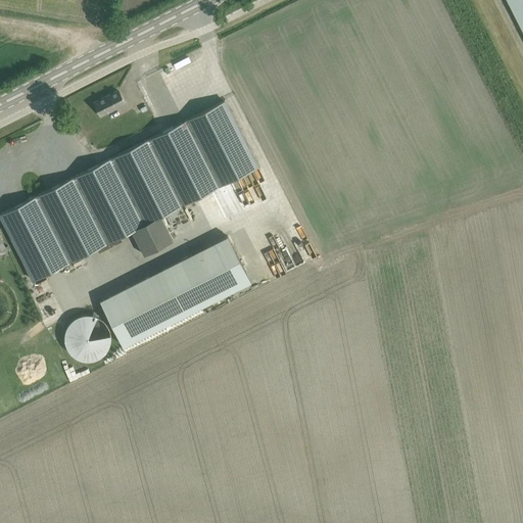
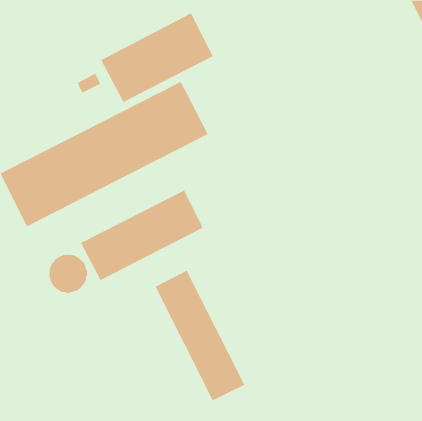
building: none -> [101,12,214,103]
building: none -> [155,270,245,401]

